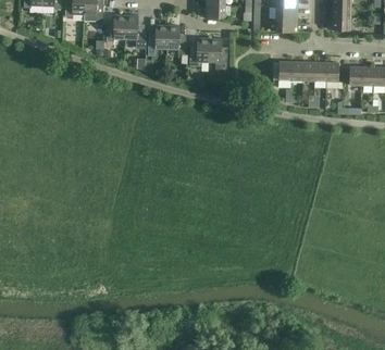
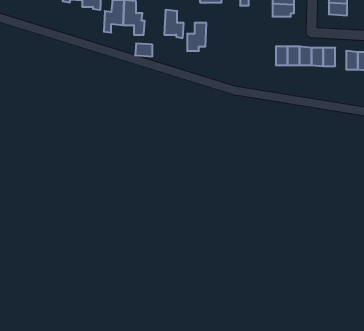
building: [148,24,167,55] -> none
building: [208,37,227,70] -> none

